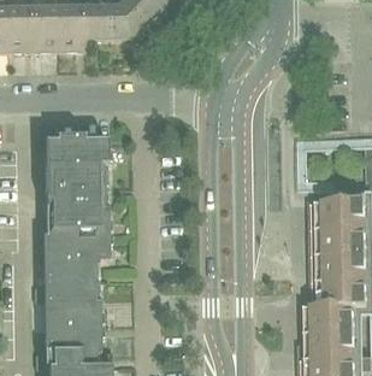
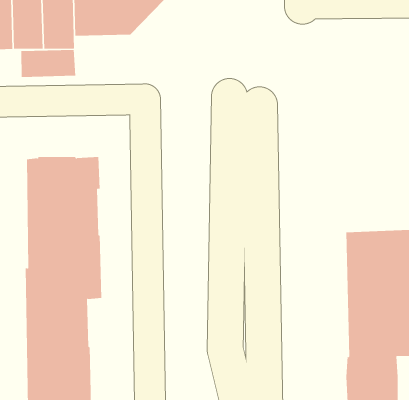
building: none -> [21,49,76,78]

